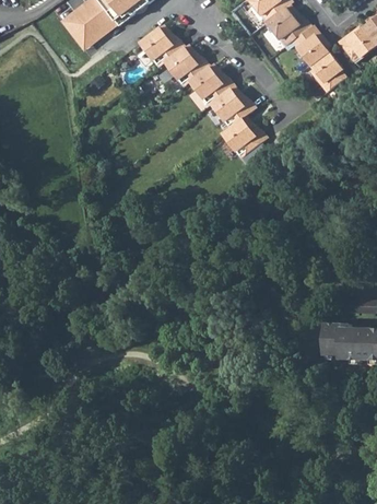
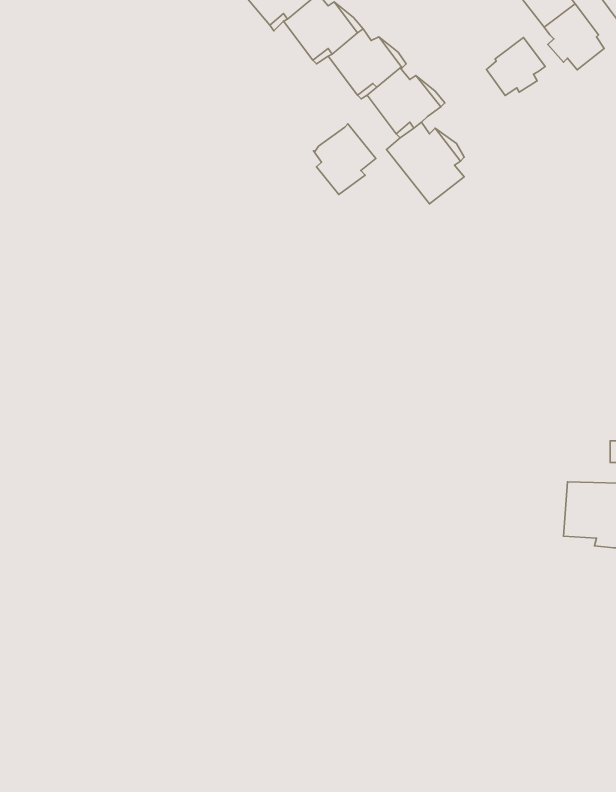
building: none -> [486,38,545,95]
building: none -> [313,124,376,194]

